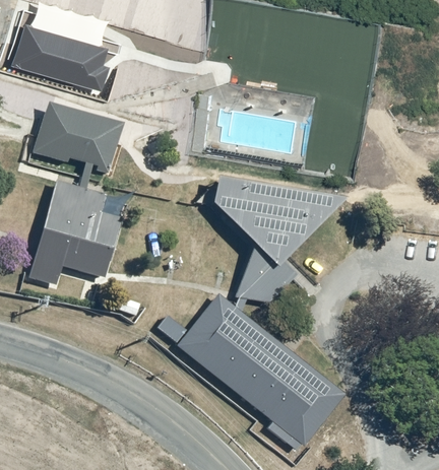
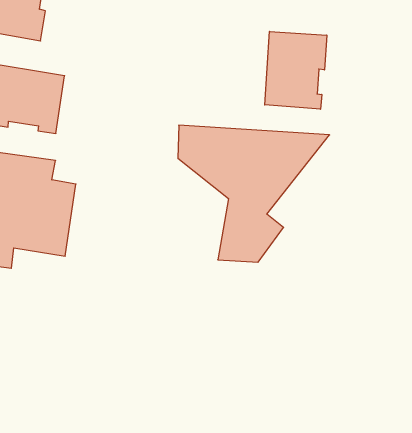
building: none -> [265,31,327,109]
building: [179,296,346,450] -> none

